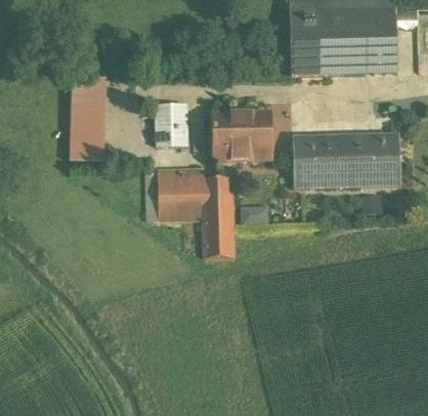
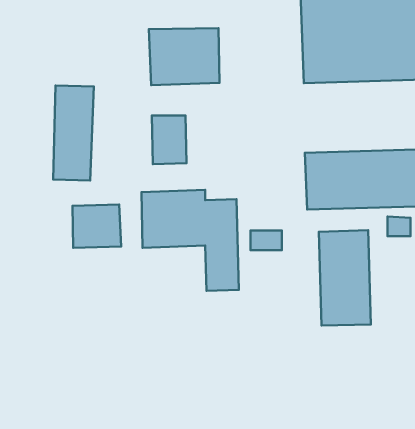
building: [210,111,272,161] -> [149,28,220,85]
building: none -> [72,205,121,248]
building: none -> [319,230,371,325]

